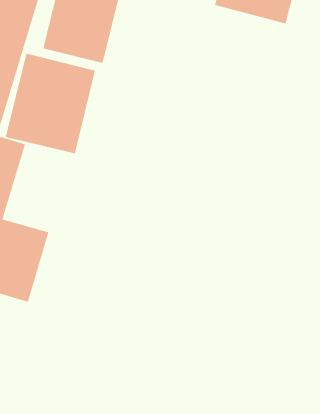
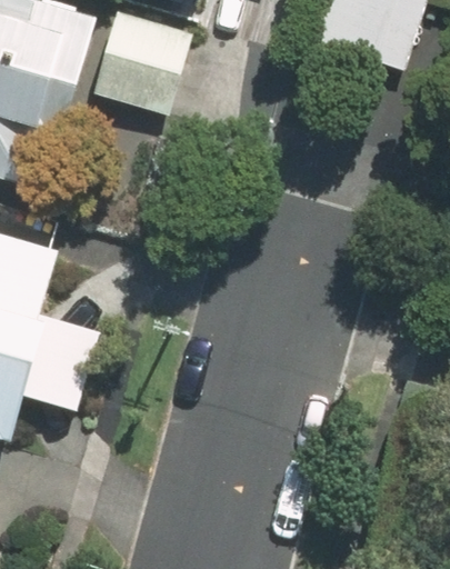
building: [5,53,96,154] -> none

